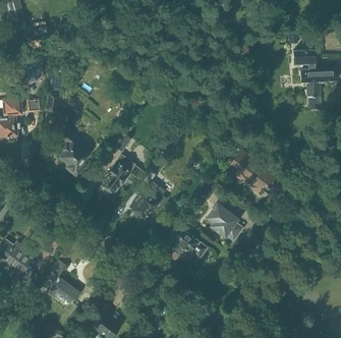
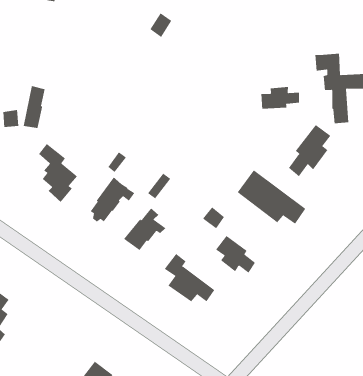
building: none -> [261,86,300,110]
building: none -> [288,124,331,177]
building: [49,262,79,303] -> none

